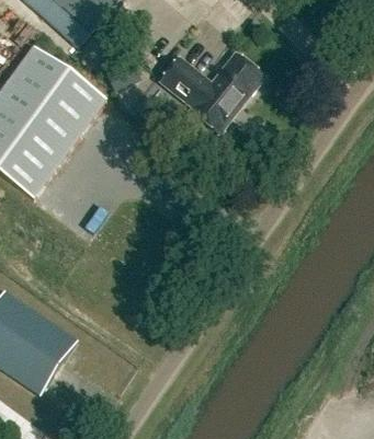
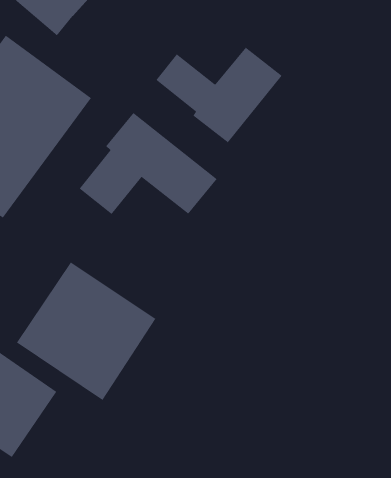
building: none -> [79,112,217,215]
building: none -> [16,262,156,401]

